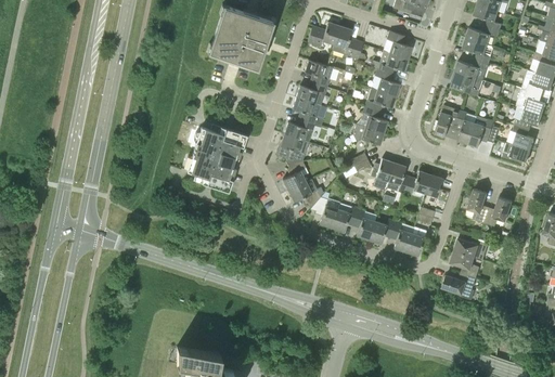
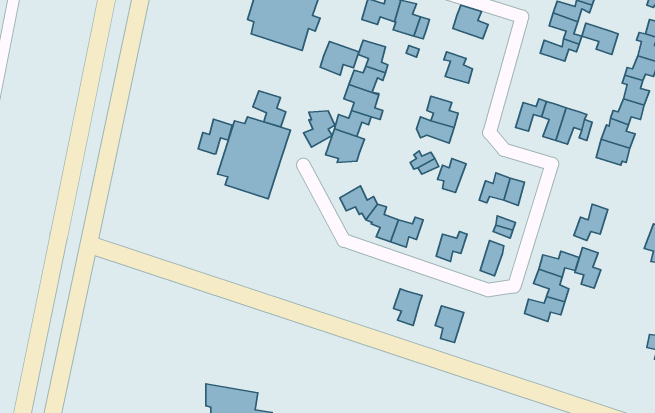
building: [377,50,408,75] -> none
building: none -> [320,42,359,75]
building: [452,70,482,96] -> [582,23,618,55]
building: [364,88,396,112] -> none
building: none -> [253,91,286,127]
building: none -> [198,119,232,154]
building: [282,160,308,191] -> [304,111,335,147]
building: [385,162,410,193] -> none
building: [467,188,489,222] -> [575,248,601,288]
building: [352,209,376,239] -> [394,289,422,325]
building: [389,221,413,251] -> [435,306,464,342]

